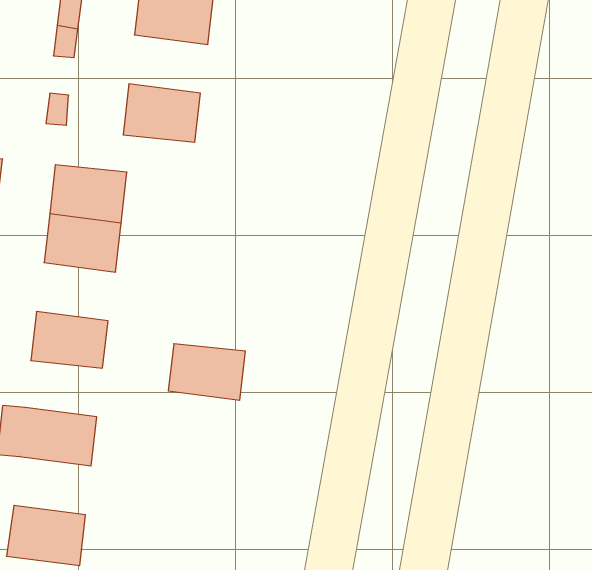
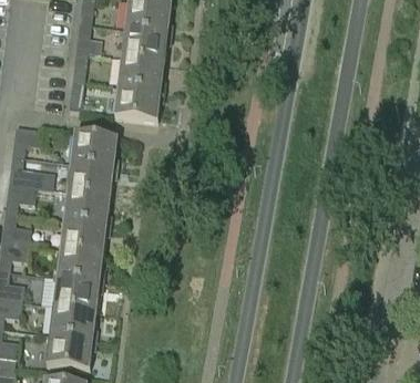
building: none -> [117,55,164,90]
building: none -> [63,189,110,224]
building: [168,344,245,400] -> [57,247,102,280]
building: none -> [50,303,95,338]

